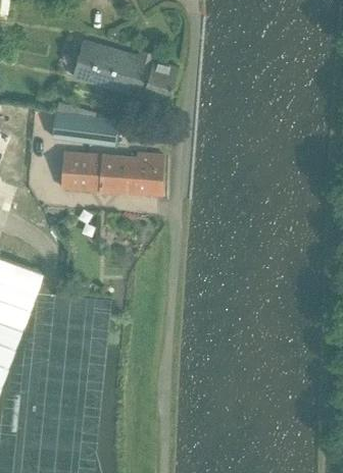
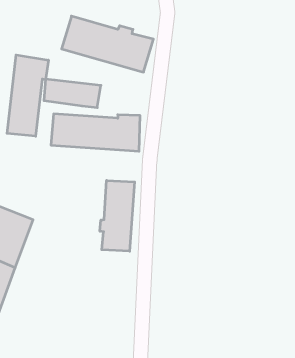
building: none -> [7,55,48,136]
building: none -> [100,180,135,251]

